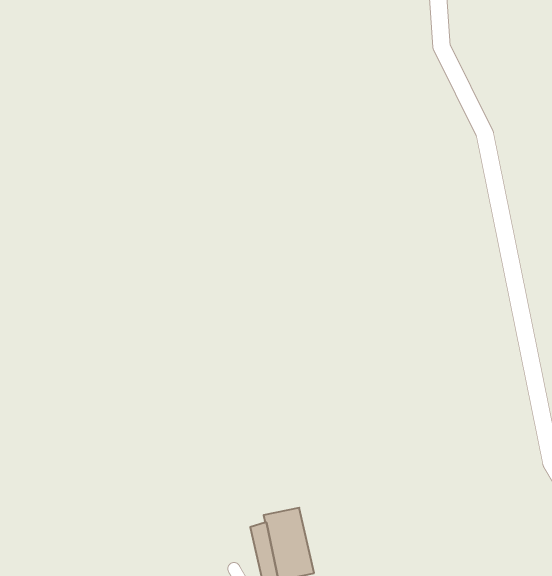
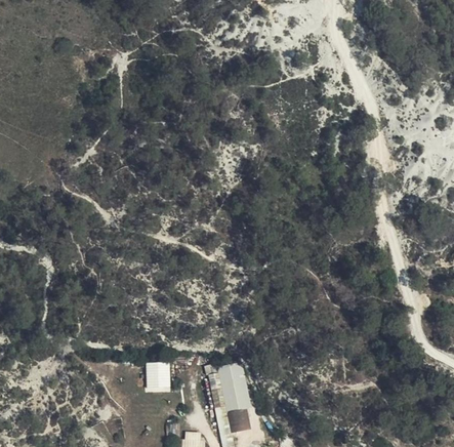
building: none -> [147,360,170,390]

